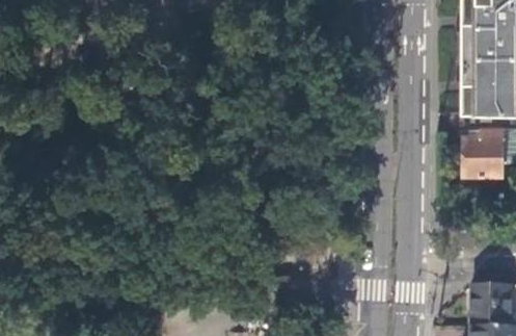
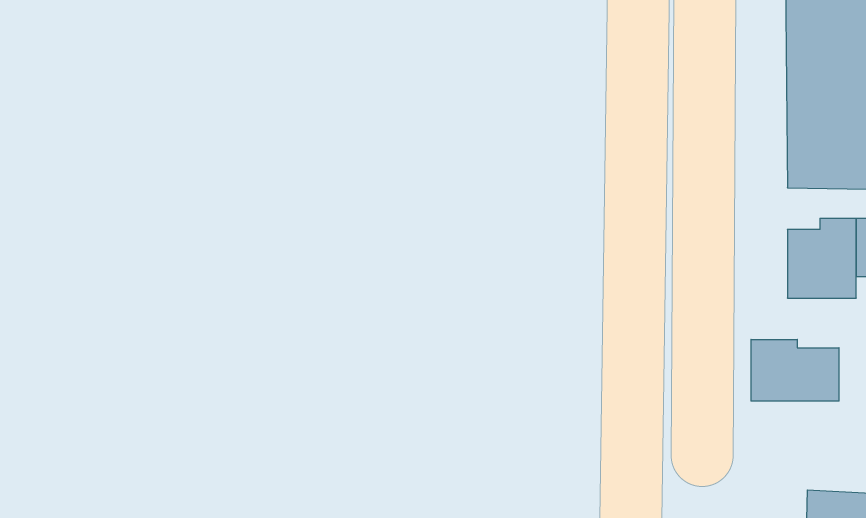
building: none -> [751,339,839,401]

